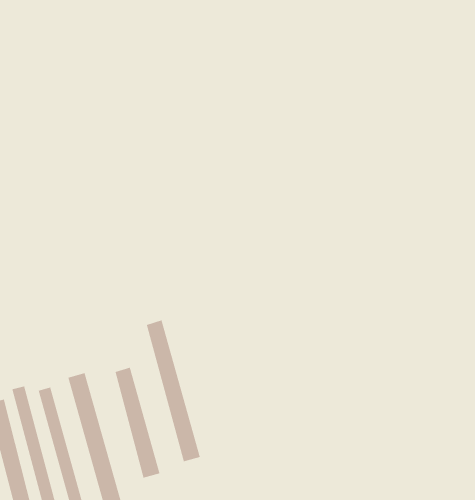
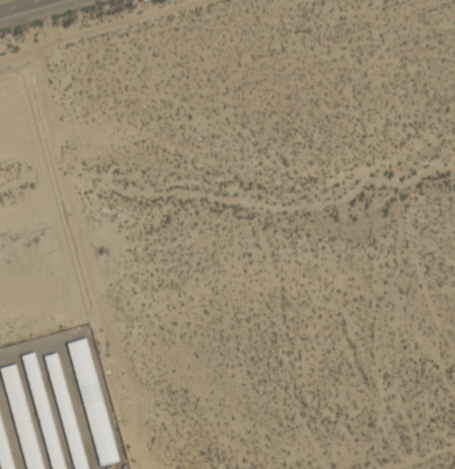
building: [146,320,200,462] -> none
building: [115,367,160,478] -> none

